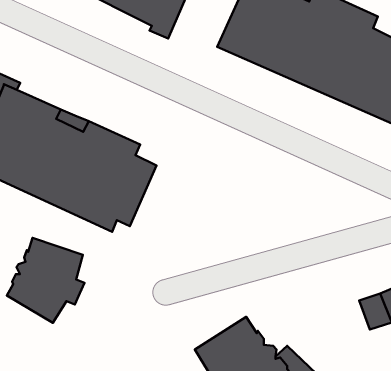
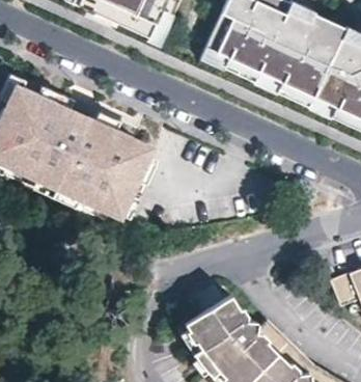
building: [7,238,84,323] -> none

